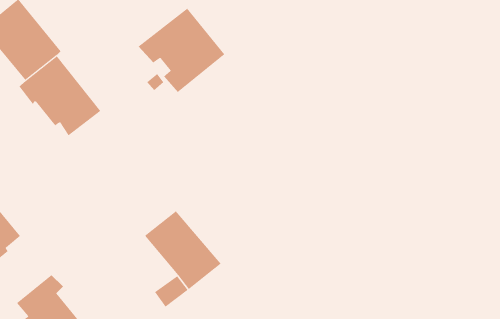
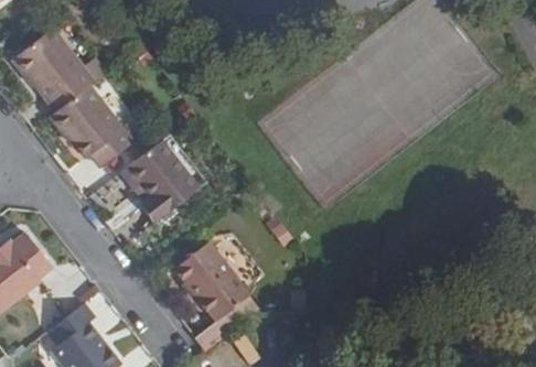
building: [138,8,225,93] -> [120,133,207,218]

